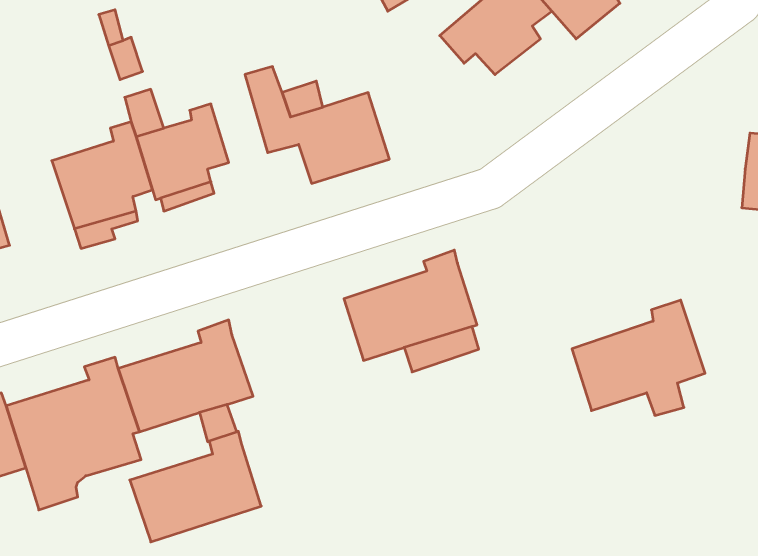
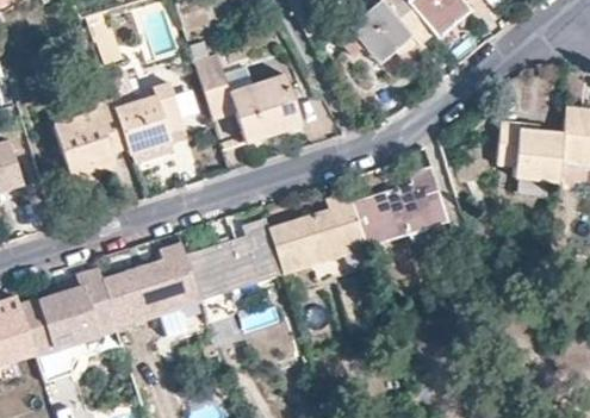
building: none -> [496,119,563,181]
building: [572,300,705,415] -> [352,164,449,249]
building: [130,431,261,542] -> [186,217,282,298]

